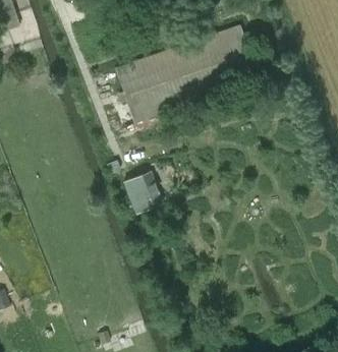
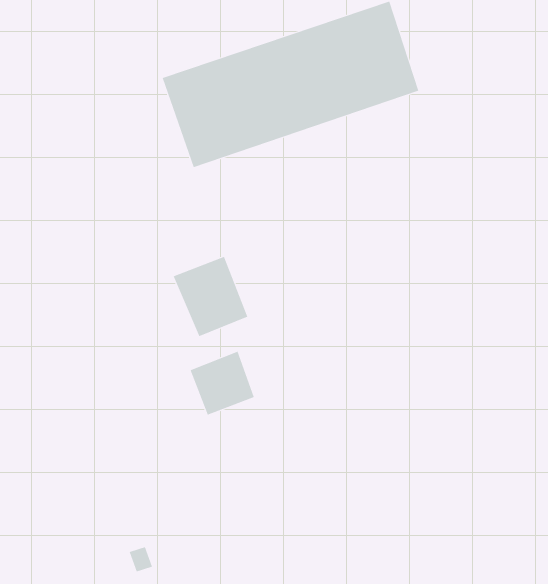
building: none -> [190,351,254,415]

